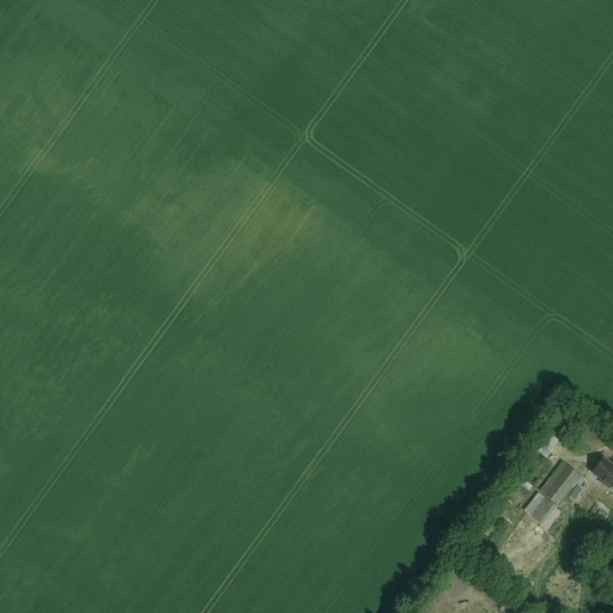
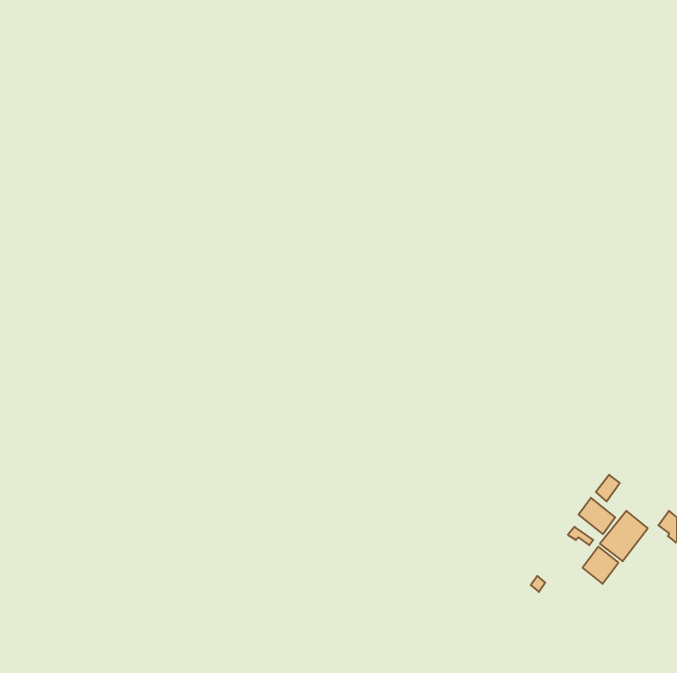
building: none -> [579,498,615,534]

